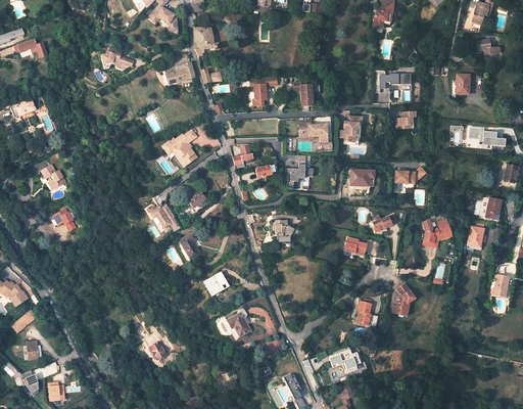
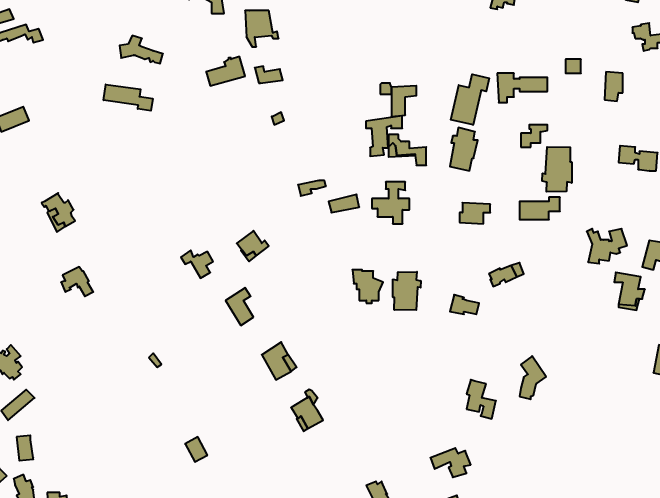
building: none -> [451,74,489,125]
building: [249,77,276,106] -> [366,116,402,156]
building: none -> [104,84,153,111]
building: none -> [542,147,572,192]
building: [163,130,197,166] -> none
building: [421,221,450,246] -> [587,229,627,264]
building: none -> [393,272,421,310]

